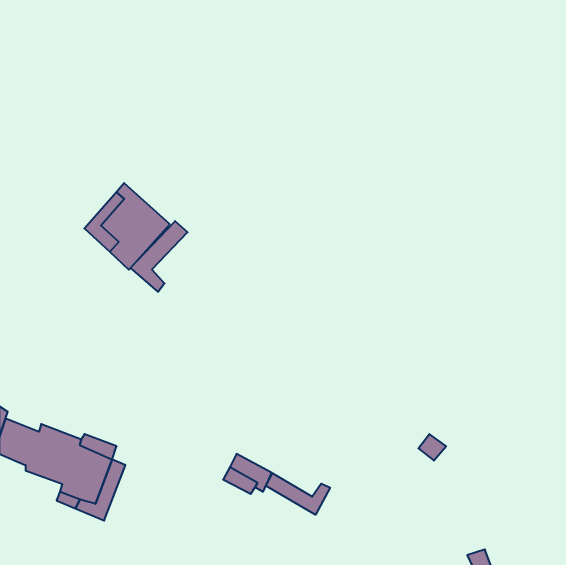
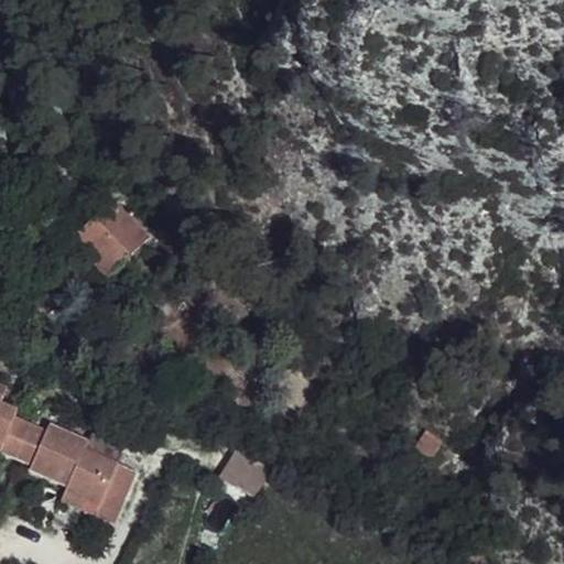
building: [131,221,188,292] -> none
building: [266,473,330,515] -> none

